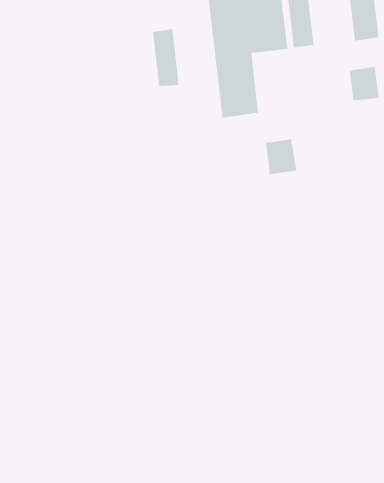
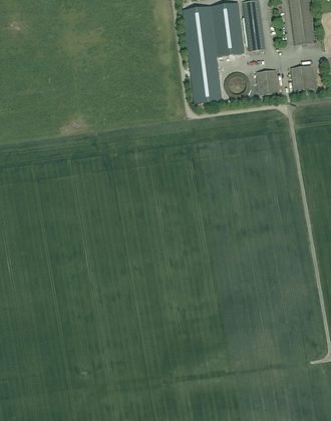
building: [152,28,179,87] -> none
building: [265,139,297,175] -> [255,68,279,95]

